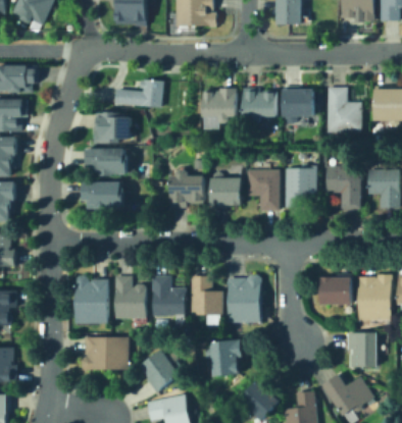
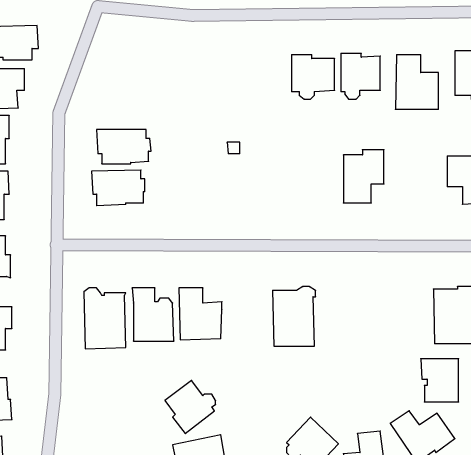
building: [114,78,163,106] -> none
building: [201,88,237,123] -> none
building: [93,112,131,143] -> none
building: [325,165,360,208] -> none
building: [168,170,203,208] -> none
building: [246,170,279,210] -> none
building: [209,171,241,208] -> none
building: [190,276,222,315] -> none
building: [319,277,351,305] -> none
building: [81,336,129,371] -> none
building: [204,339,241,377] -> none

